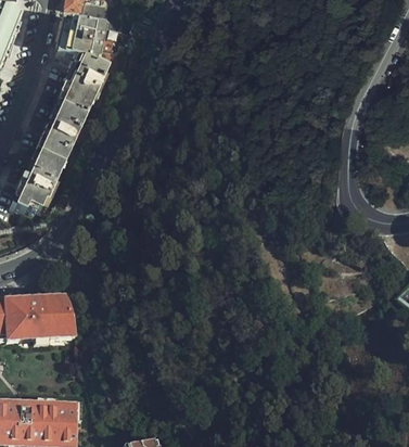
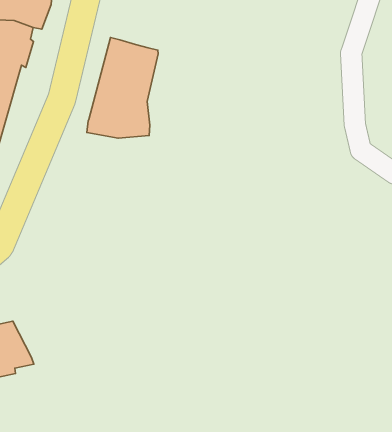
building: none -> [87,38,158,138]

